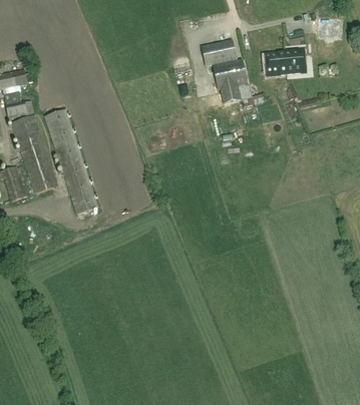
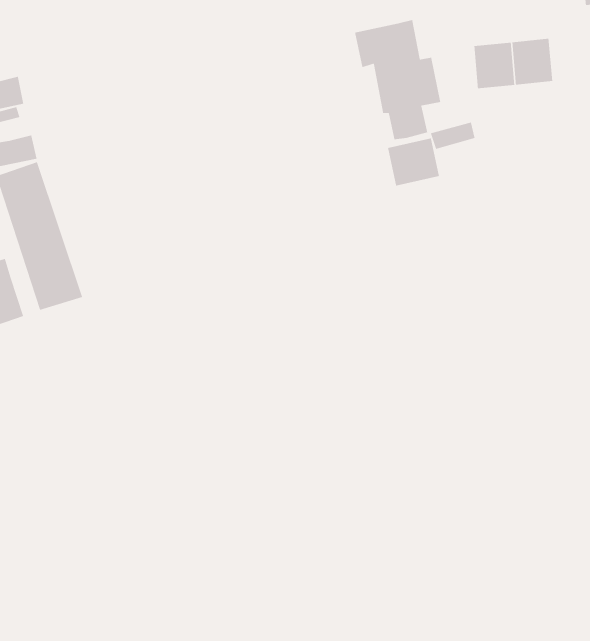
building: none -> [387,137,440,186]
building: [44,108,97,214] -> none

